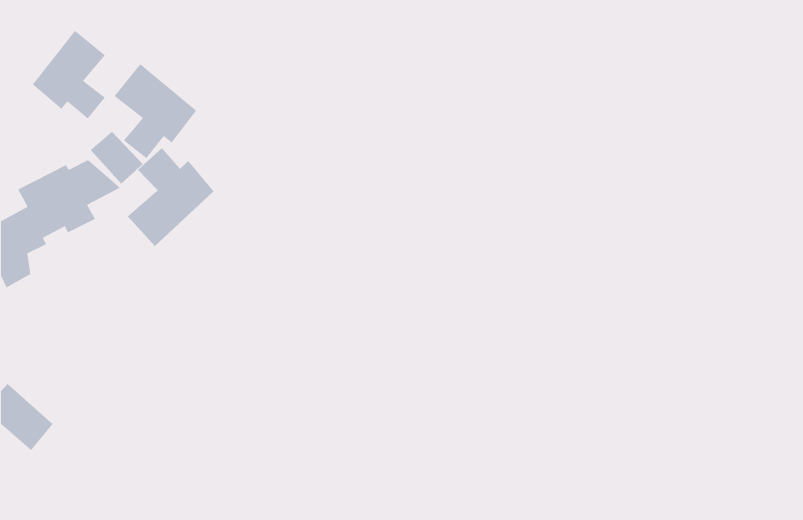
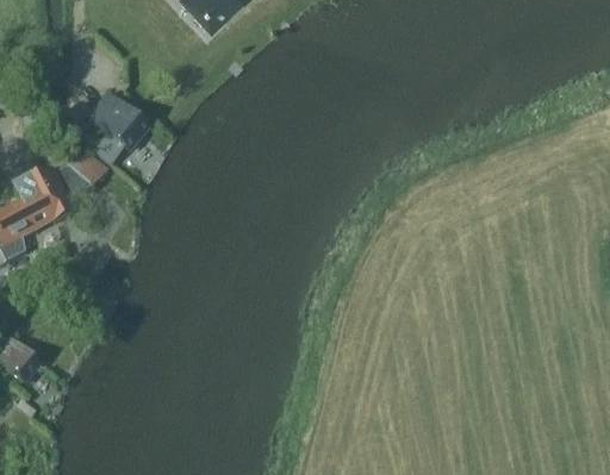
building: [32,30,106,120] -> none
building: [127,147,215,247] -> none

